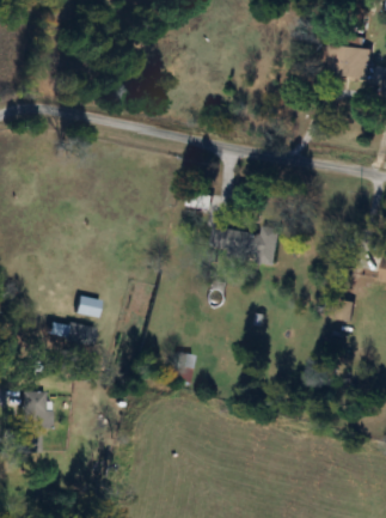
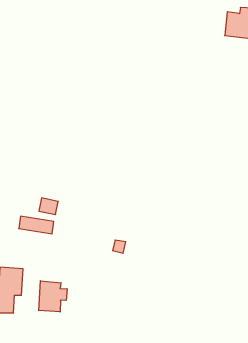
building: [208,226,280,262] -> none
building: none -> [39,281,67,312]

